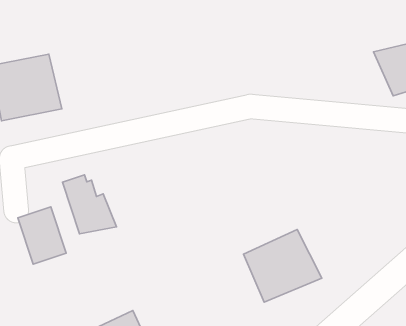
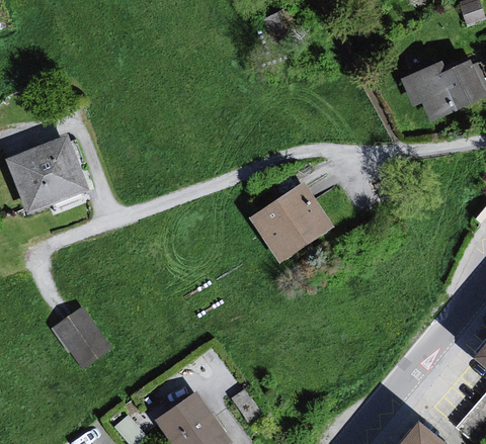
building: [63,175,116,234] -> none
building: [243,229,322,302] -> [247,183,333,265]

